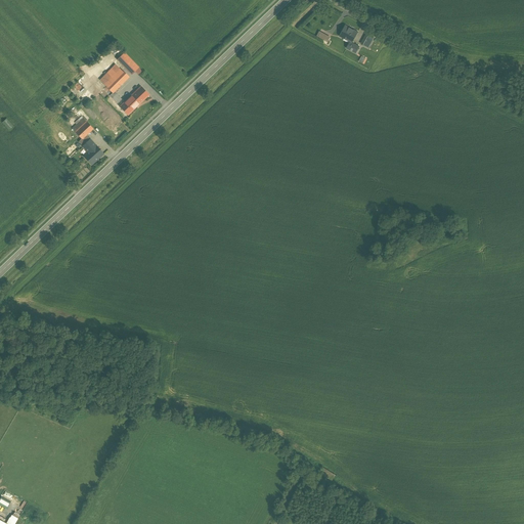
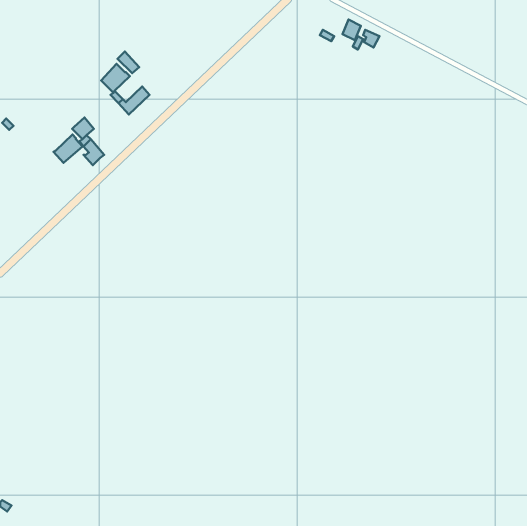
building: none -> [54,135,82,163]

